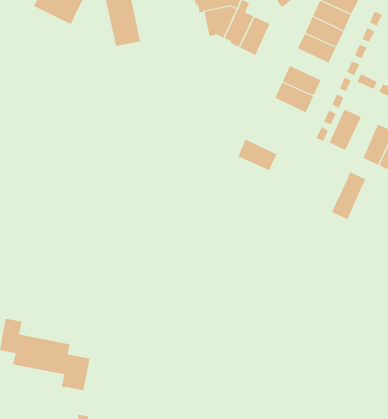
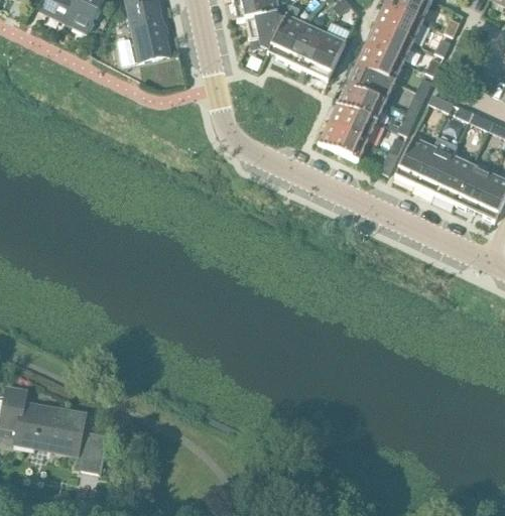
building: none -> [307,33,345,81]
building: none -> [348,62,395,101]
building: [238,139,277,171] -> [321,122,368,160]
building: [331,171,366,220] -> [415,136,458,195]

